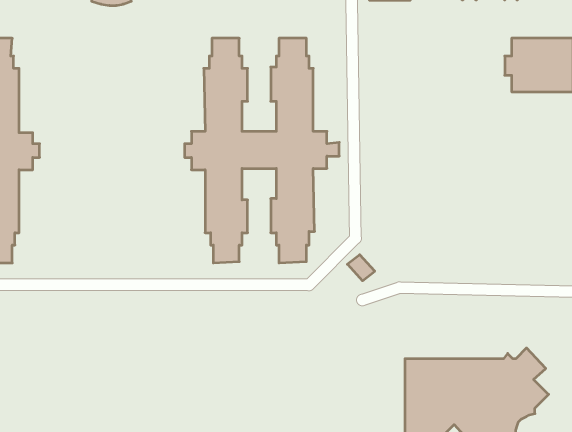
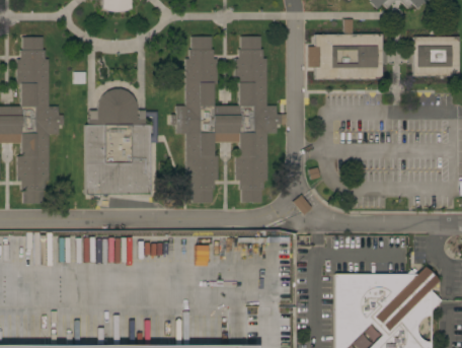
building: none -> [308,19,387,79]
building: none -> [85,88,150,195]

